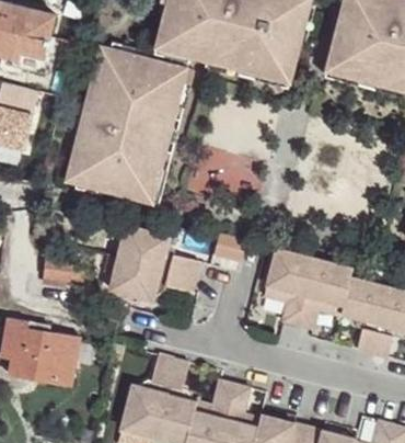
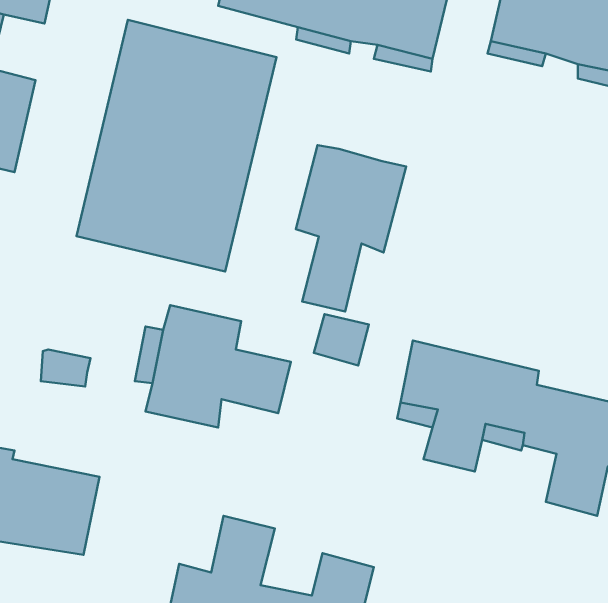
building: none -> [296,145,406,311]

